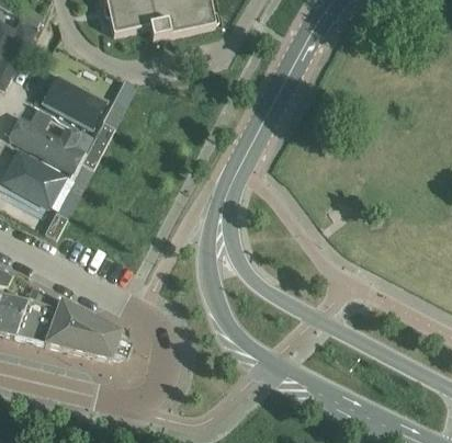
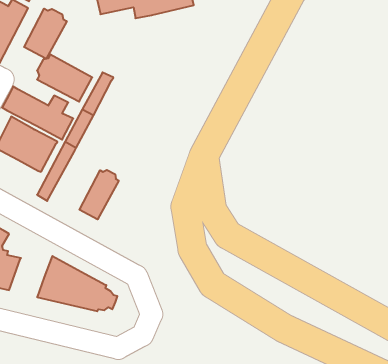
building: none -> [24,9,67,59]
building: none -> [79,170,119,219]
building: [13,284,60,343] -> none

